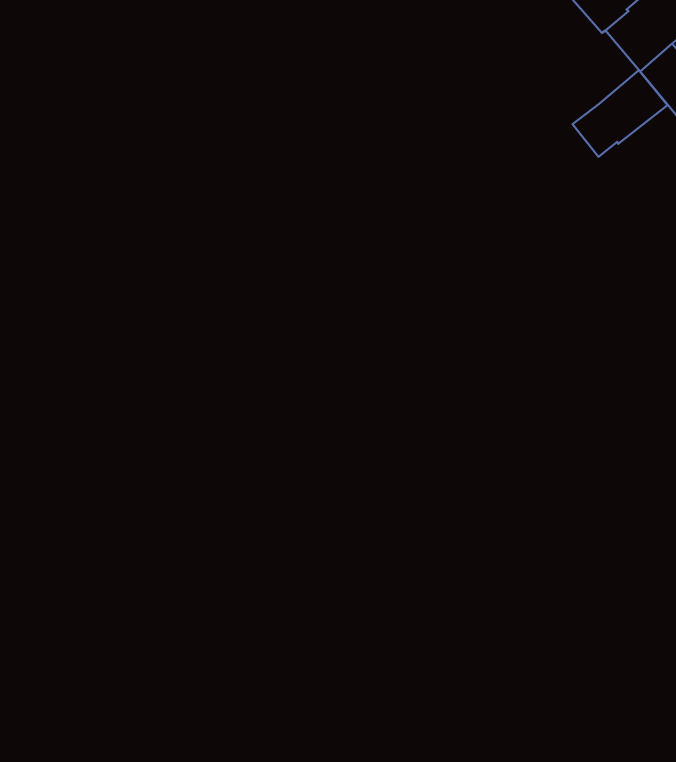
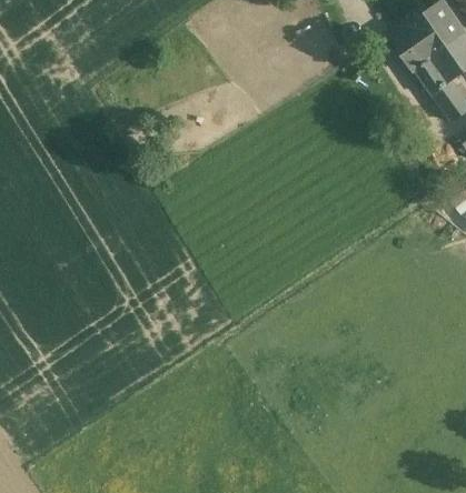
building: [573,70,667,157] -> none

